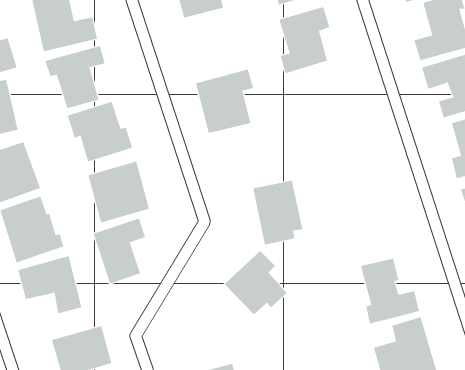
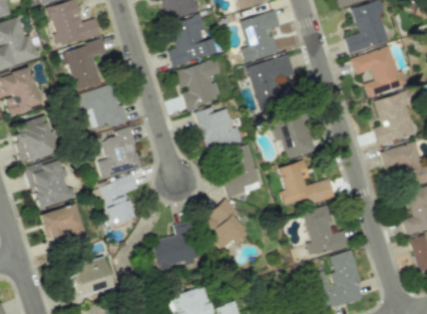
building: none -> [168,15,217,67]
building: none -> [249,55,295,106]
building: none -> [269,106,317,159]
building: none -> [196,107,242,150]
building: none -> [279,161,335,206]
building: none -> [152,222,199,273]

